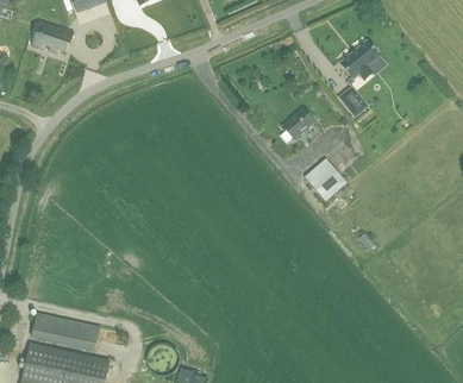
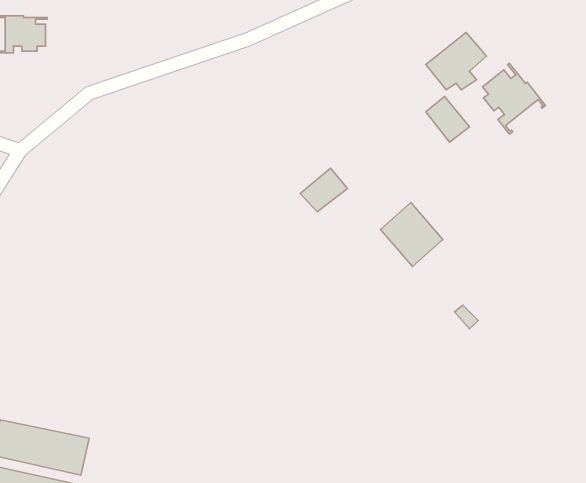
building: none -> [483,63,545,134]
building: [281,107,314,138] -> [300,168,347,212]

